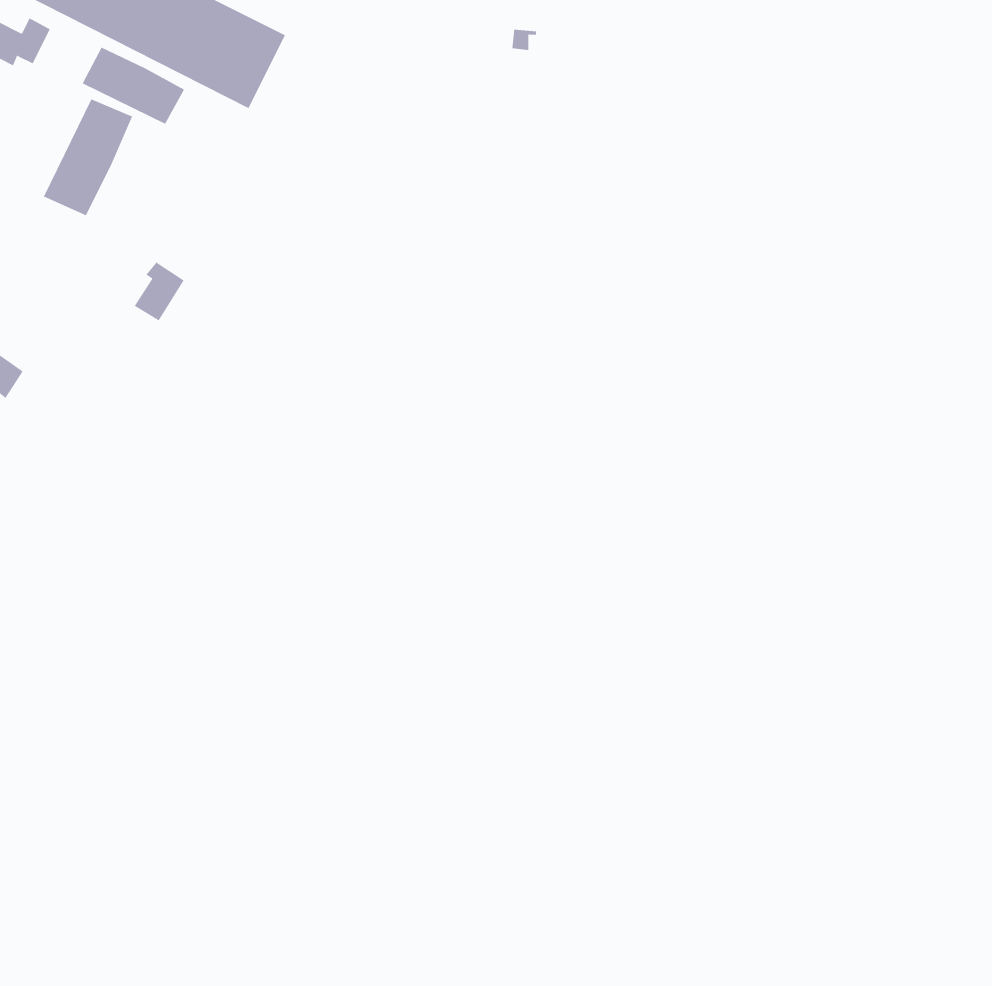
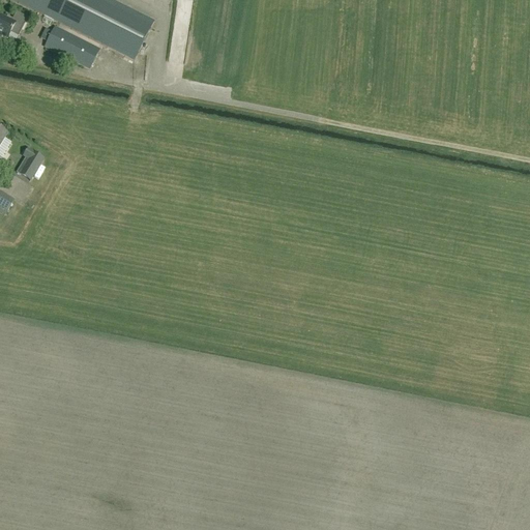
building: [43,98,133,216] -> none
building: [134,261,184,321] -> [16,146,42,178]

